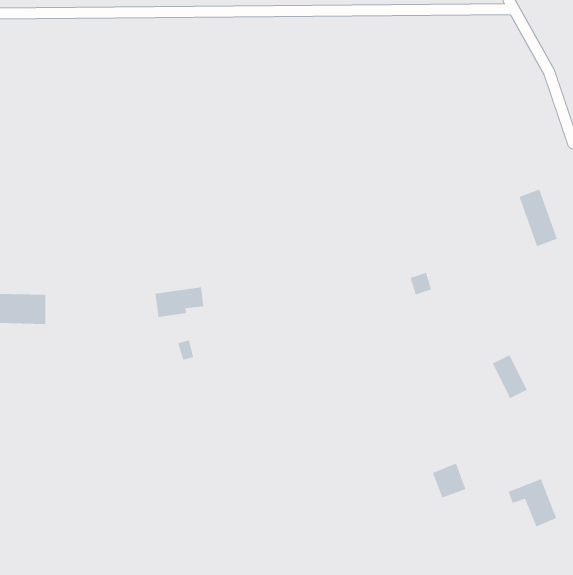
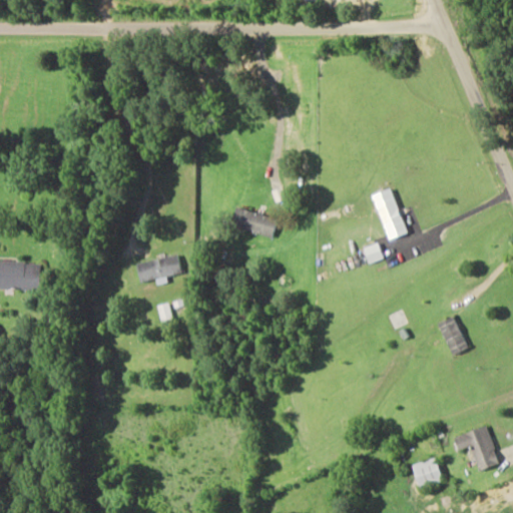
building: [518,189,558,247] -> [372,187,407,239]
building: none -> [231,205,278,238]
building: [432,462,467,498] -> [409,456,440,488]

